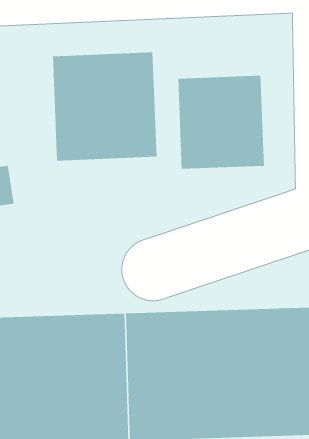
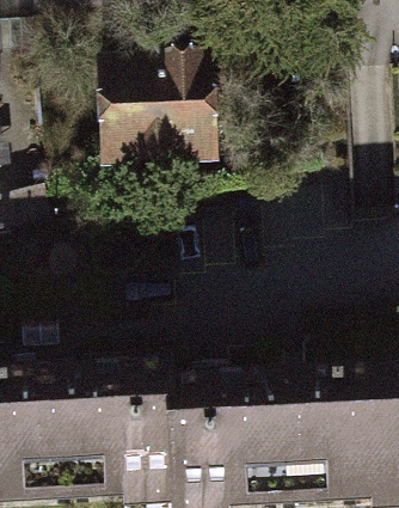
building: [178,75,265,170] -> none

